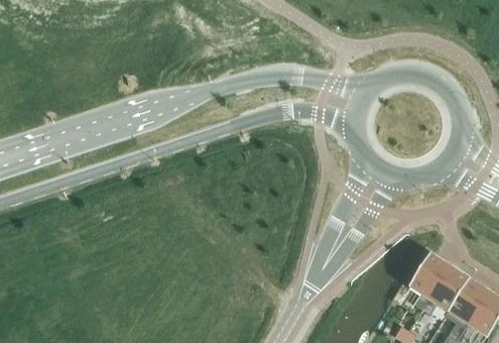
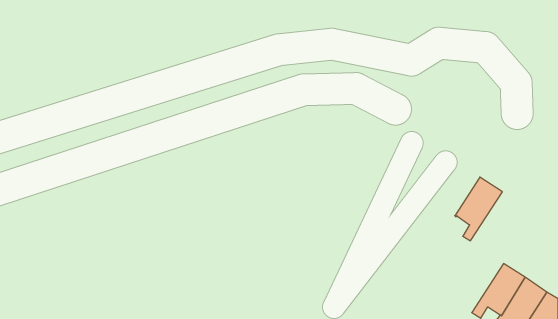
building: [407,252,450,309] -> [455,177,502,241]

